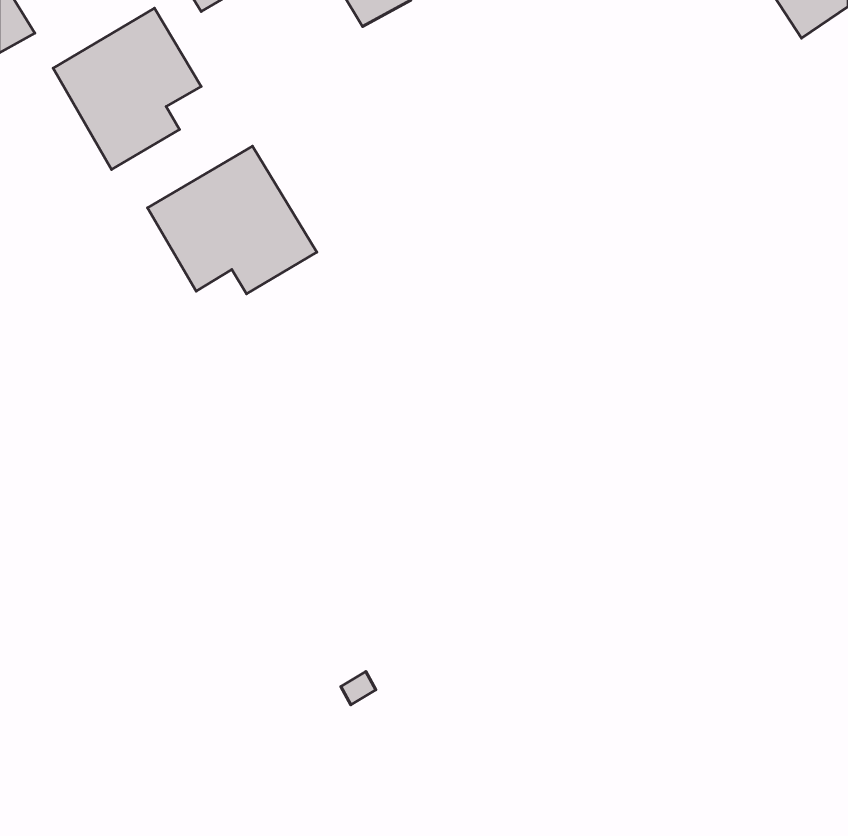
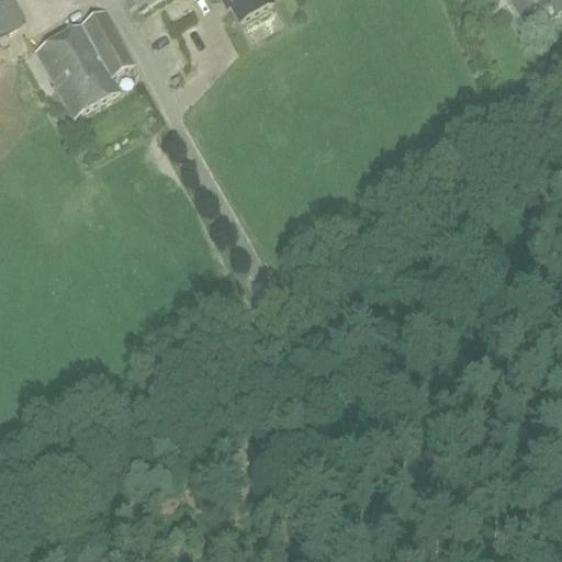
building: [148,146,317,294] -> none

